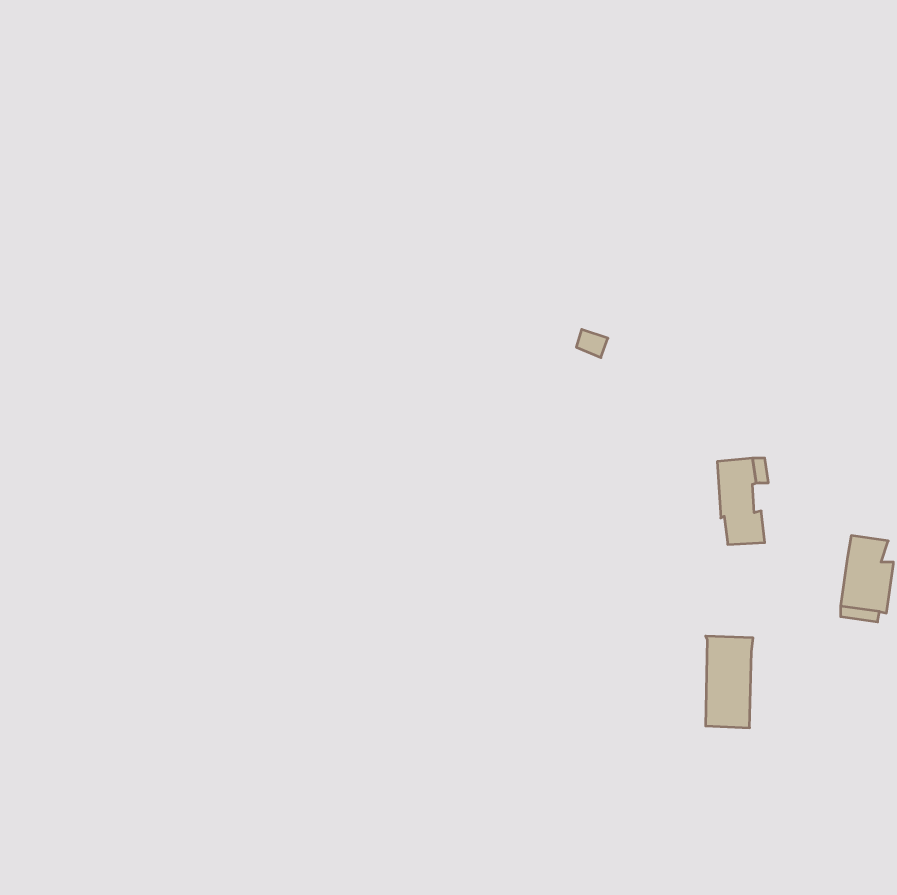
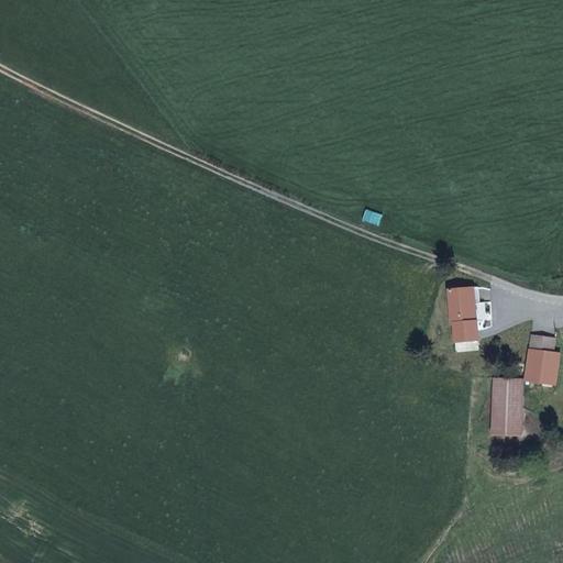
building: [706,636,753,728] -> [493,377,522,434]

